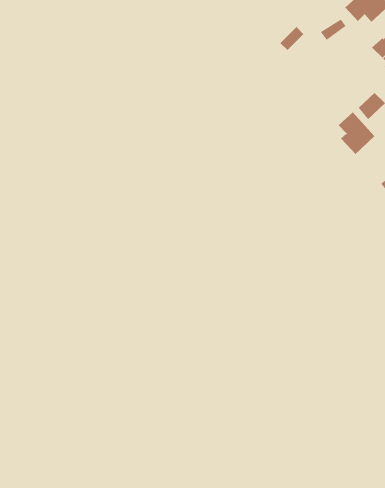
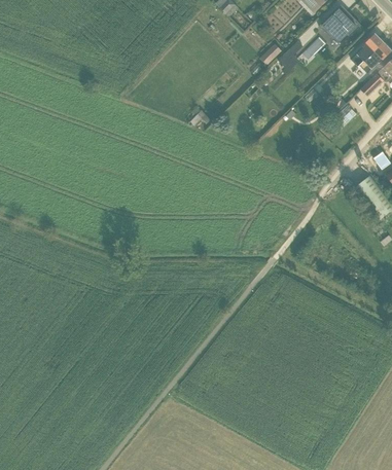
building: [338,112,375,155] -> none

